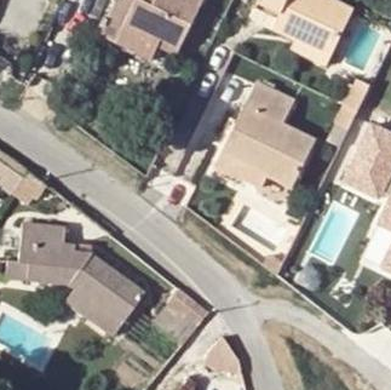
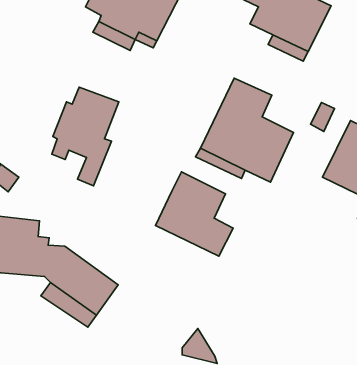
building: none -> [52,87,119,186]
building: none -> [155,172,233,256]

